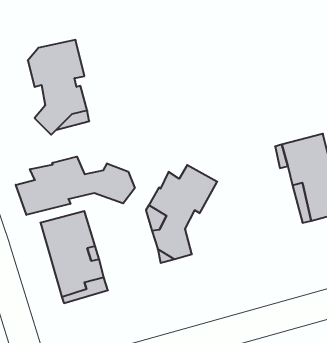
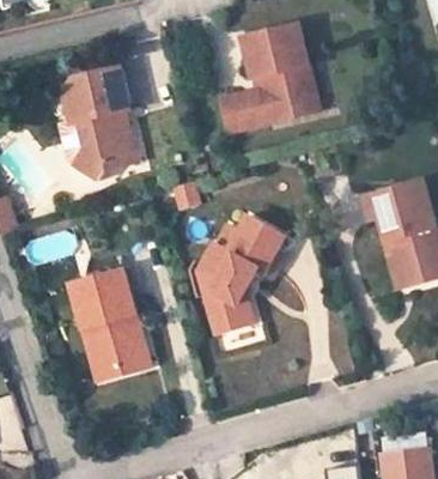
building: none -> [213,20,309,129]
building: [16,157,135,215] -> none

